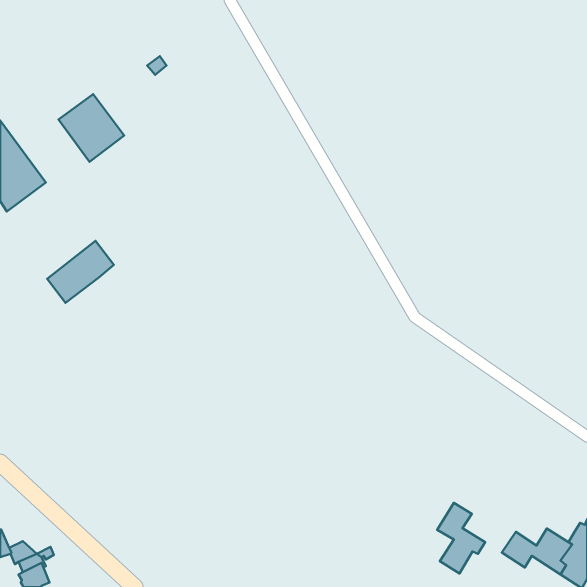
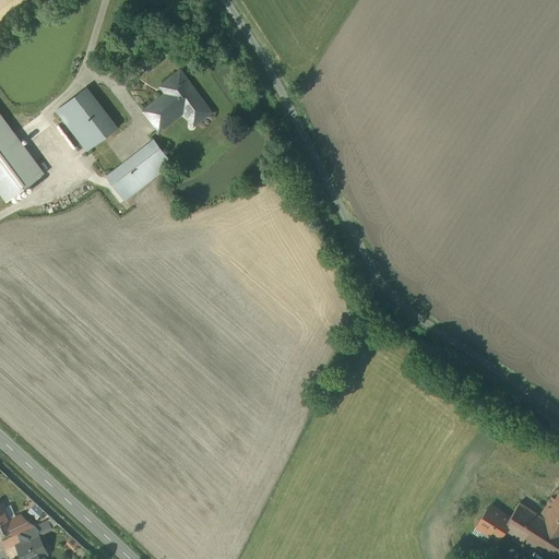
building: none -> [144,74,210,131]
building: [47,241,114,303] -> [108,141,171,200]
building: [437,503,485,573] -> none

